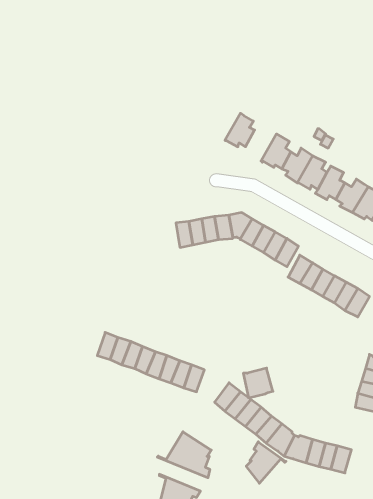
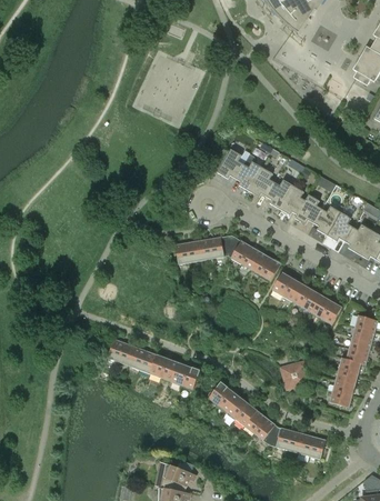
building: none -> [234,153,261,190]
building: [243,368,273,398] -> [281,362,307,388]
building: [157,432,211,478] -> none
building: [246,442,286,483] -> none

